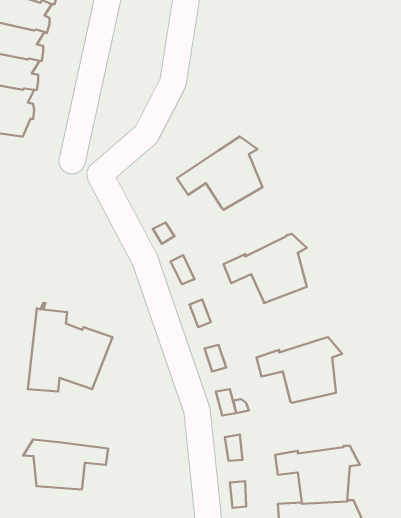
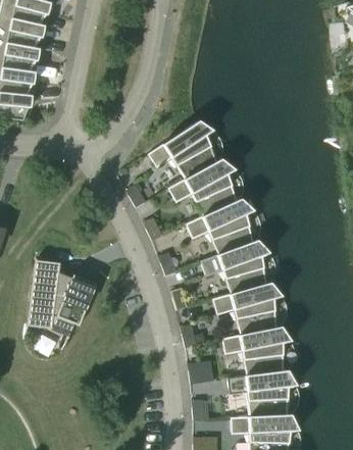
building: none -> [167,158,237,217]
building: none -> [200,240,269,295]
building: none -> [221,327,291,377]
building: [23,440,108,489] -> none

